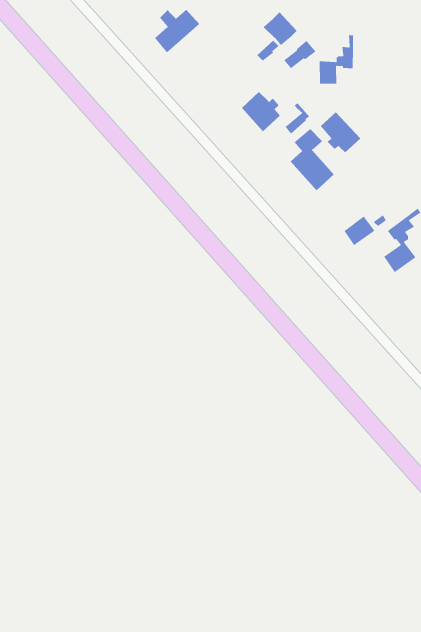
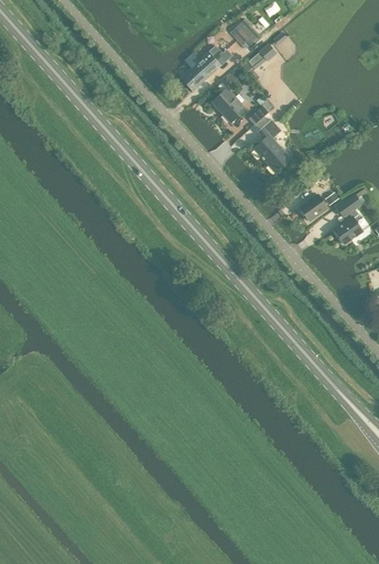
building: [154,9,200,54] -> [180,52,219,90]
building: [319,35,354,84] -> none
building: [320,111,361,153] -> none

